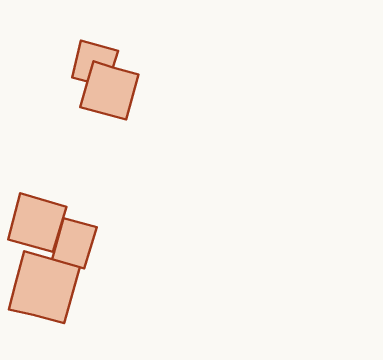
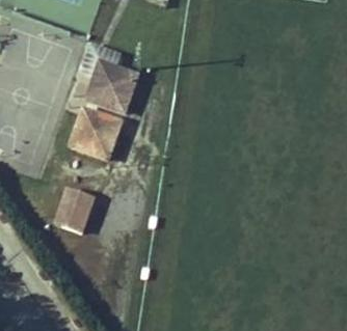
building: [8,193,66,252] -> [71,108,121,158]
building: [9,251,80,323] -> none

